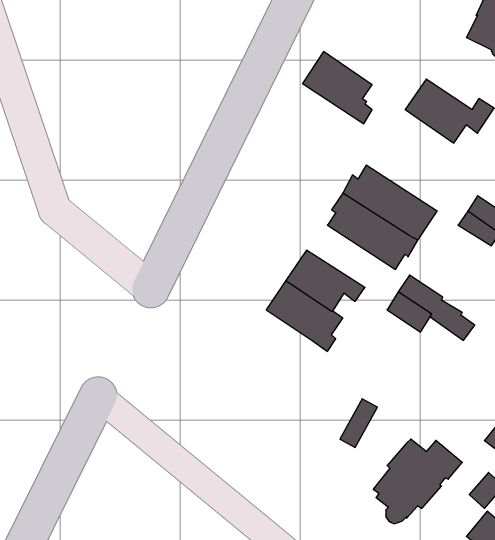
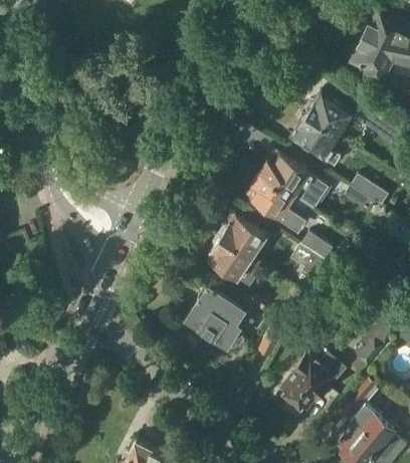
building: [303,52,372,124] -> [289,114,340,167]
building: none -> [185,286,248,350]

